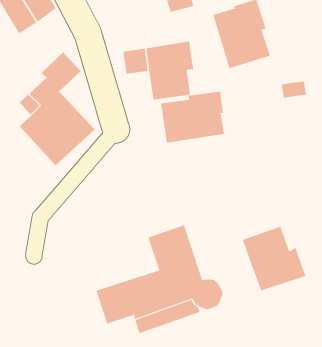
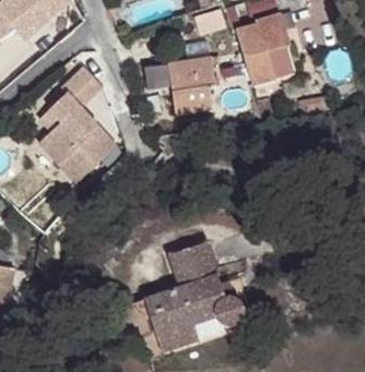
building: [161,91,224,143] -> none
building: [242,226,306,291] -> none

